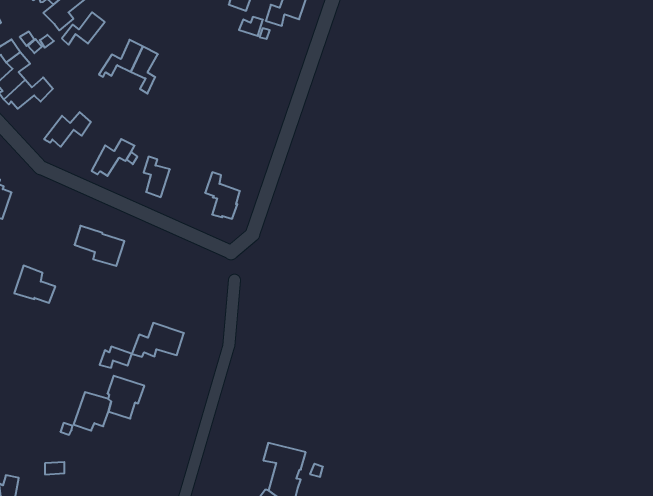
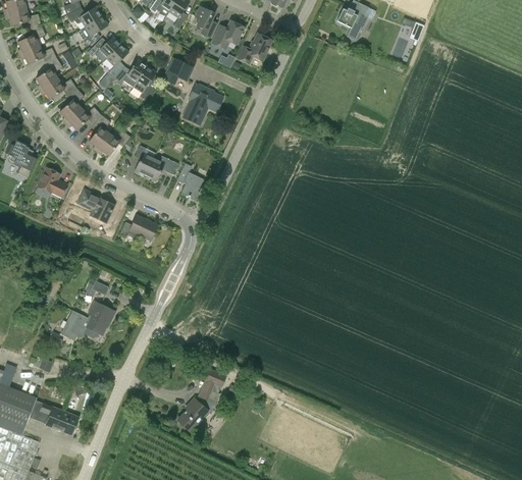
building: none -> [98,44,128,90]
building: none -> [162,57,194,85]
building: none -> [180,83,224,126]
building: none -> [59,88,84,123]
building: none -> [89,115,110,151]
building: none -> [145,156,178,181]
building: [14,266,55,303] -> [37,167,67,197]
building: [132,323,184,357] -> [118,215,158,241]

